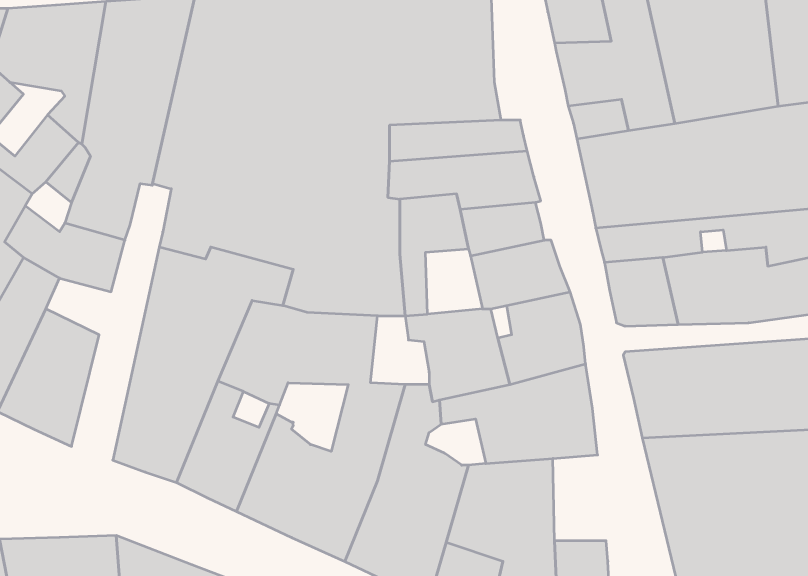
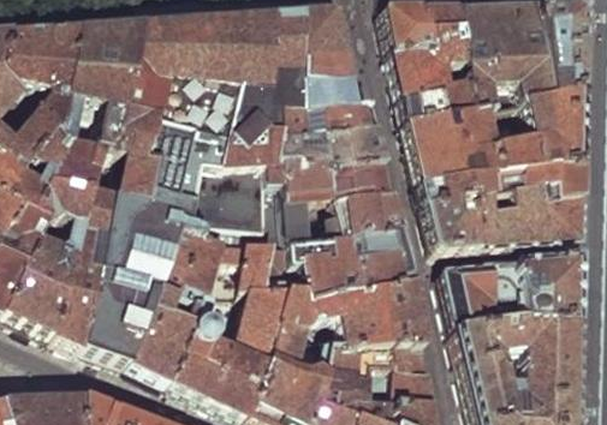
building: none -> [54,178,118,343]
building: none -> [391,339,428,399]

